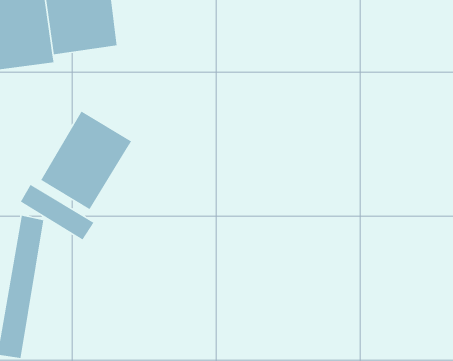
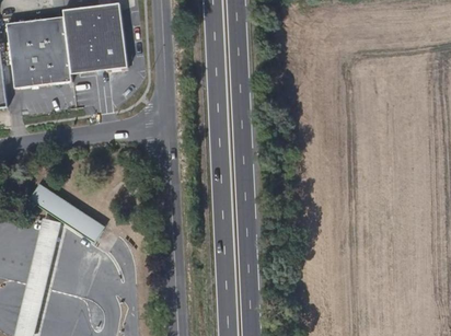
building: [40,111,132,210] -> none

